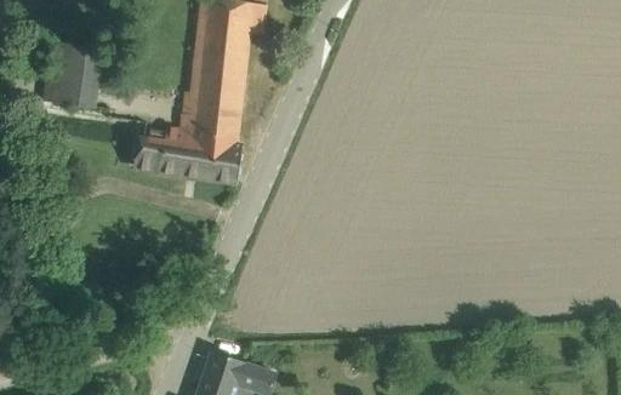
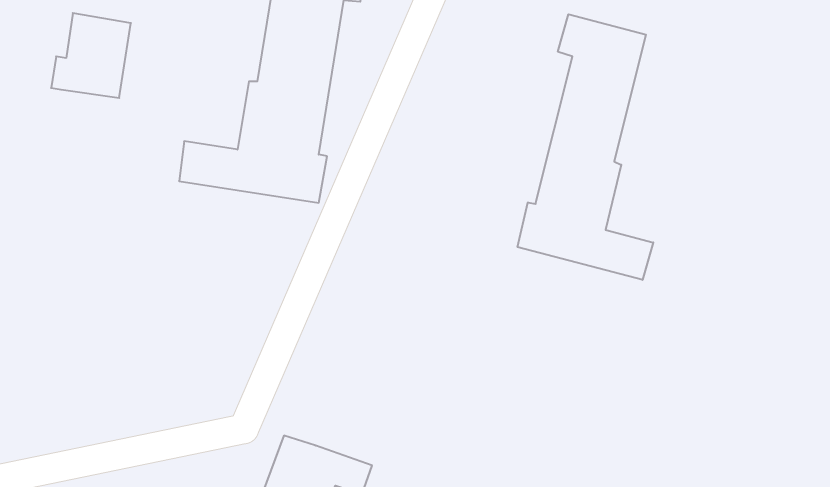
building: none -> [518,14,653,280]

